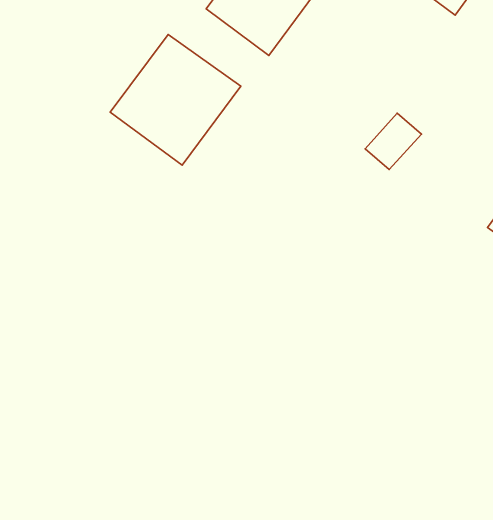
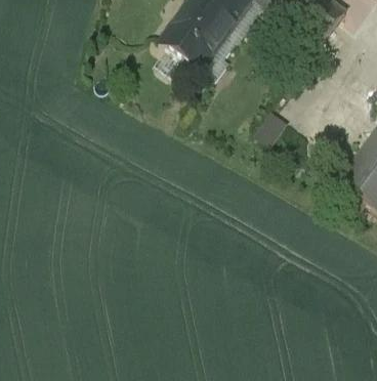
building: [110,35,241,165] -> none

